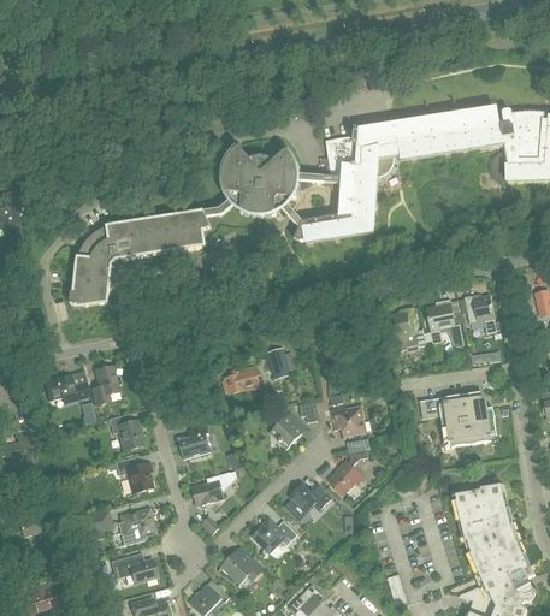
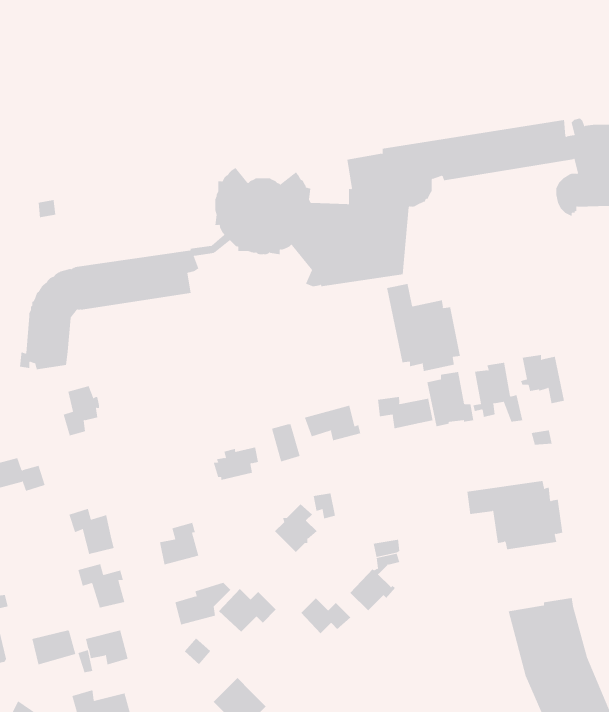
building: none -> [387,283,460,372]
building: none -> [378,396,433,429]
building: none -> [304,405,361,441]
building: [90,365,119,404] -> [63,385,100,436]
building: [329,404,365,434] -> none
building: [250,516,296,551] -> [218,588,277,633]

